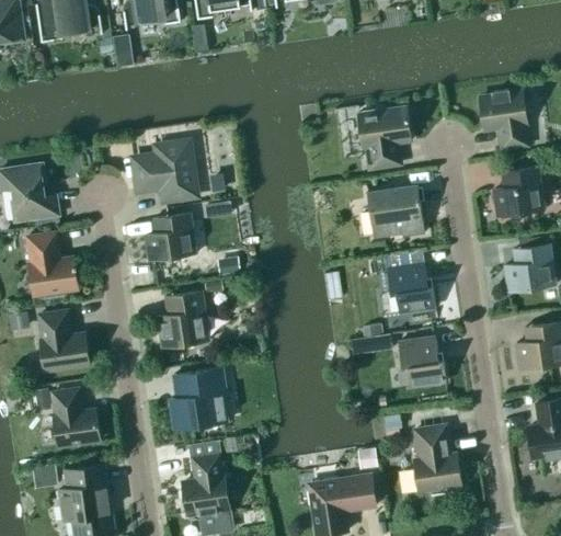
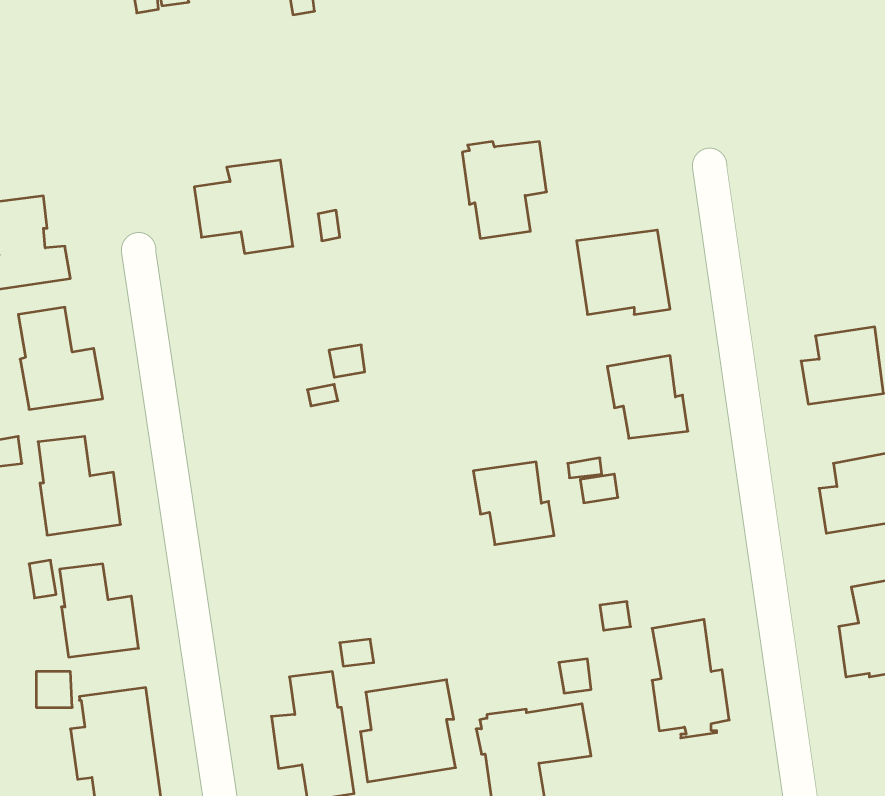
building: [479,90,527,149] -> none
building: [358,109,410,168] -> [462,142,547,238]
building: [493,167,543,216] -> none
building: [145,213,195,261] -> none
building: [157,292,208,347] -> none
building: [397,337,446,387] -> [473,462,554,545]
building: [169,367,227,430] -> [360,680,456,782]

